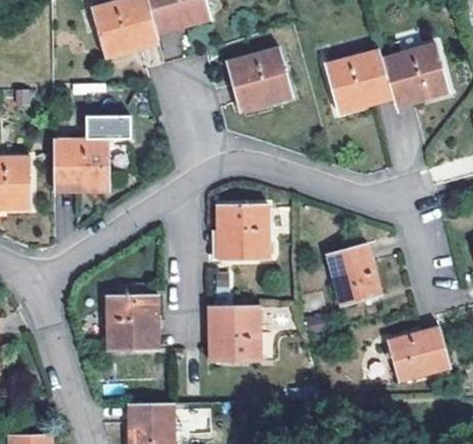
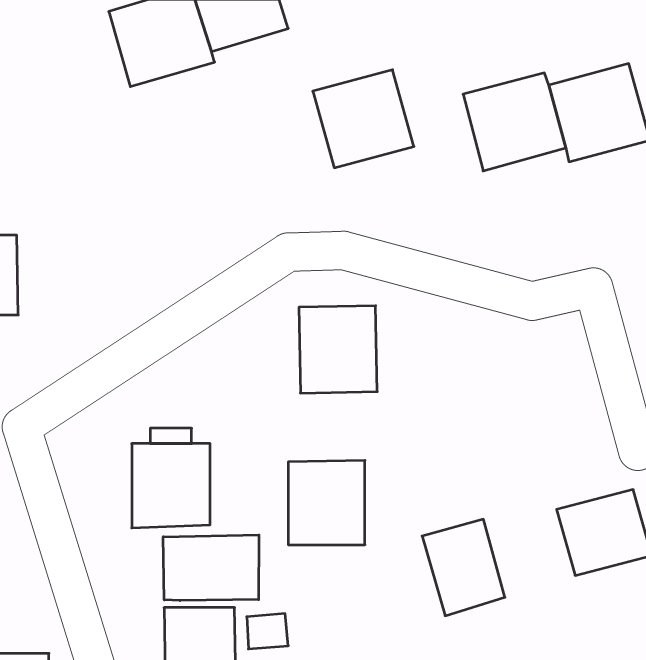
building: [53,117,131,193] -> none
building: [326,242,381,306] -> [422,519,505,616]
building: none -> [163,535,259,601]

